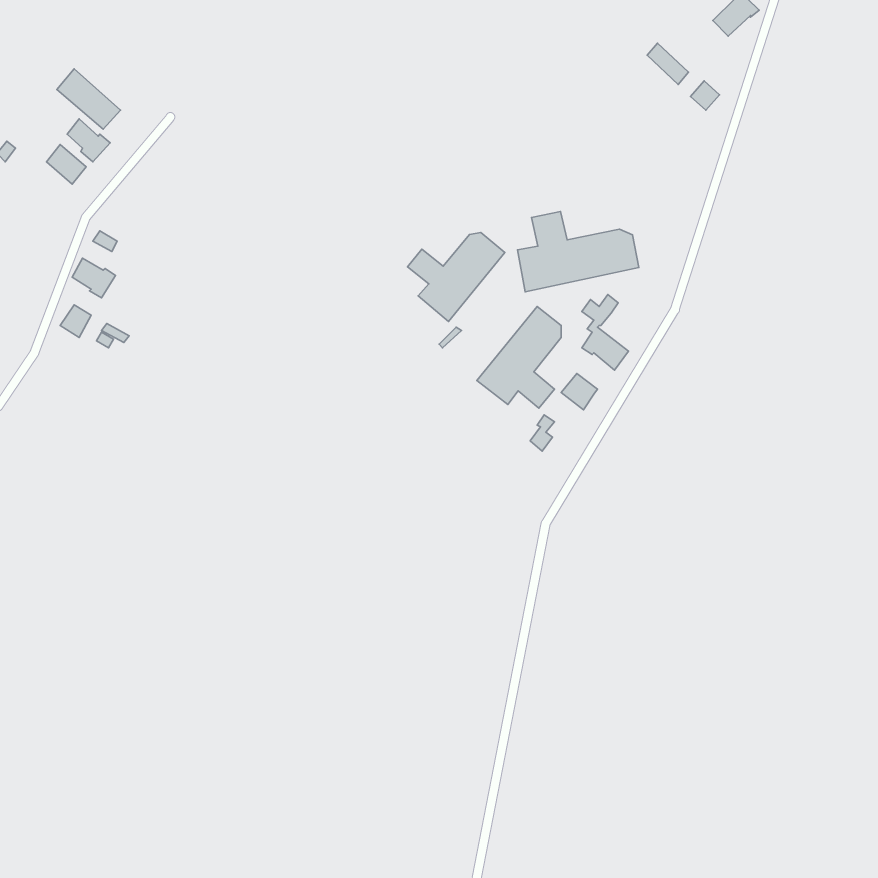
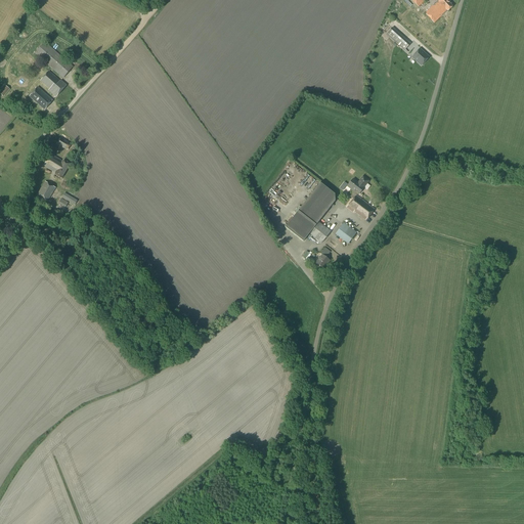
building: [517,211,639,292] -> none
building: [408,233,505,322] -> none

